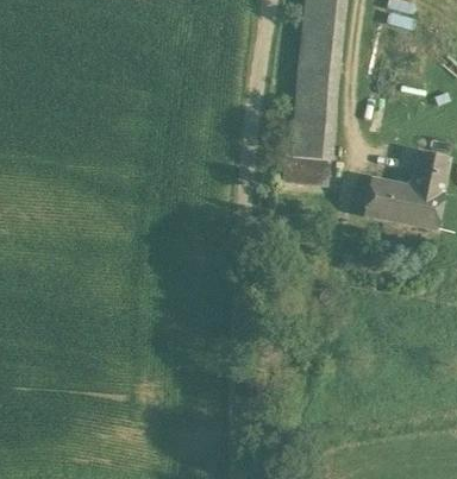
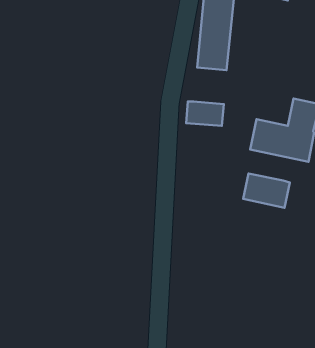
building: [289,111,332,157] -> none
building: none -> [243,173,290,208]

